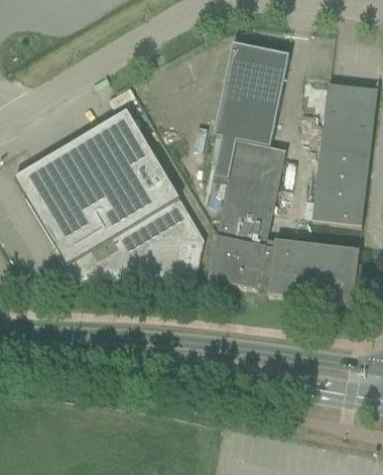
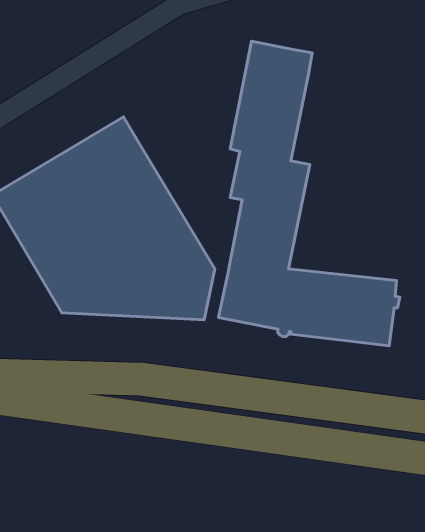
building: [310,82,377,225] -> none

